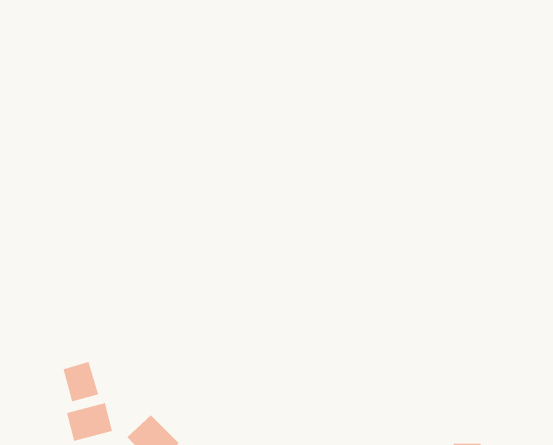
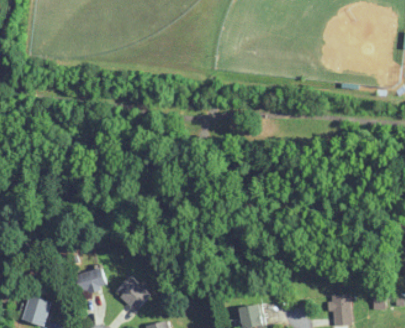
building: [63,361,99,402] -> none

